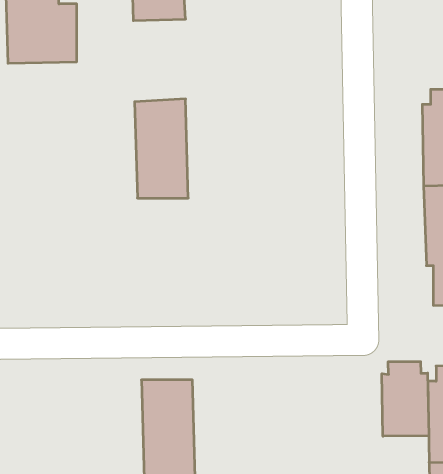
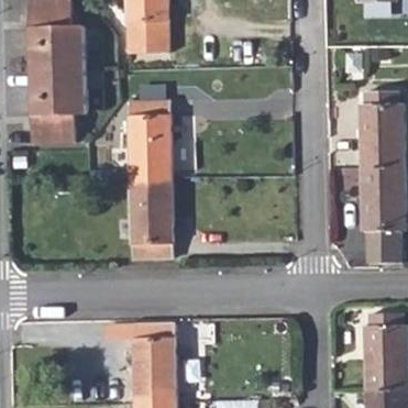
building: none -> [27,71,84,144]
building: none -> [131,180,174,258]
building: [382,362,429,436] -> none

